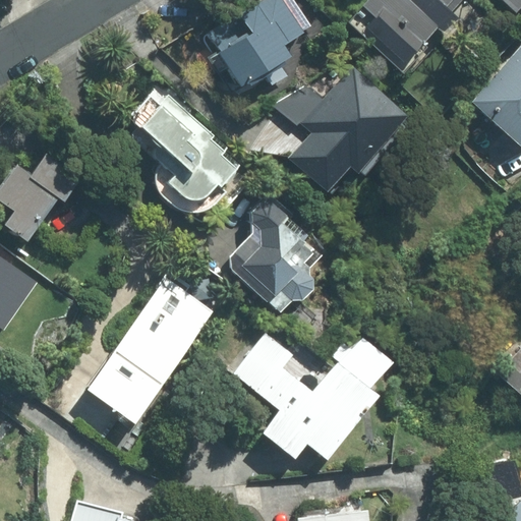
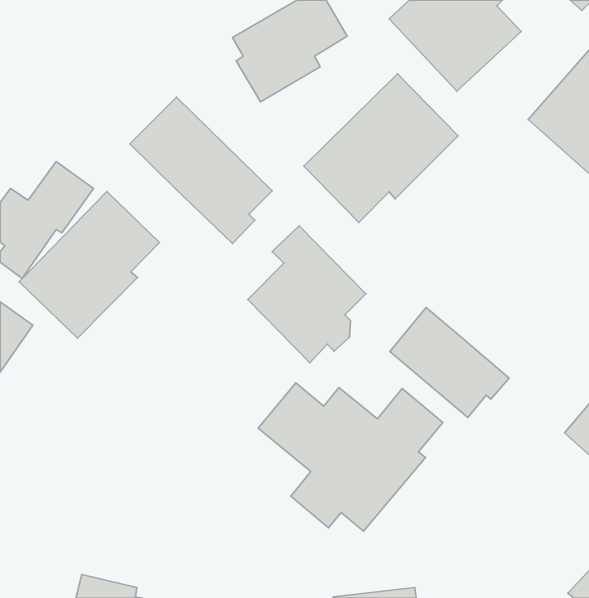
building: none -> [19,192,160,338]
building: [88,262,212,458] -> none
building: none -> [390,307,509,417]

